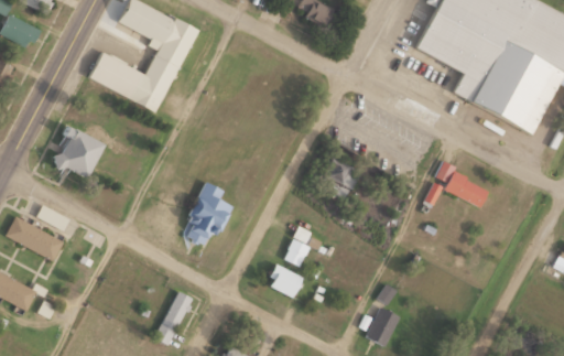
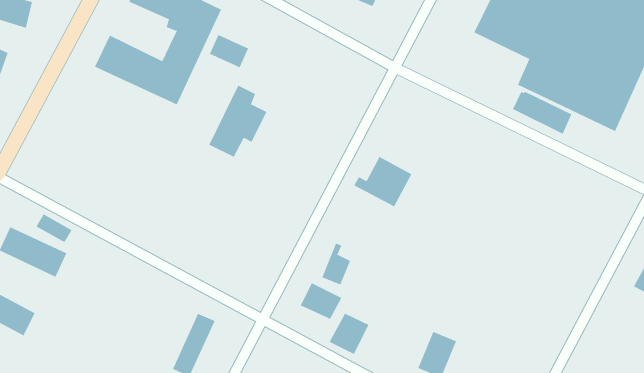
building: none -> [209,34,249,68]
building: [53,123,105,179] -> none
building: [436,169,488,206] -> [512,91,572,135]
building: [183,183,234,246] -> [209,85,267,158]
building: none -> [329,313,369,355]

